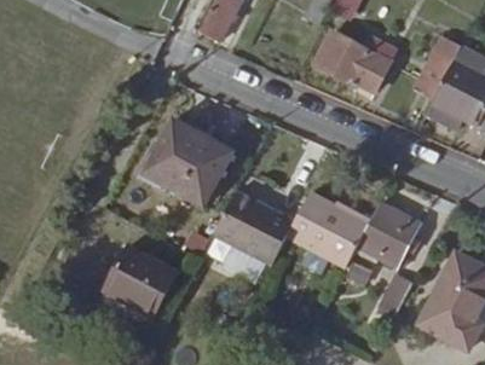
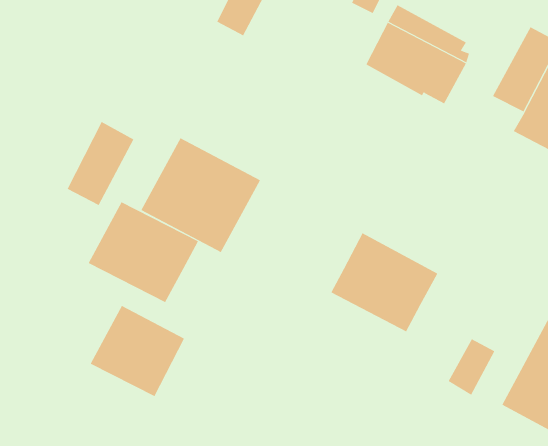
building: none -> [67,121,134,206]
building: [212,190,296,267] -> [88,202,199,303]
building: [356,201,421,268] -> none

